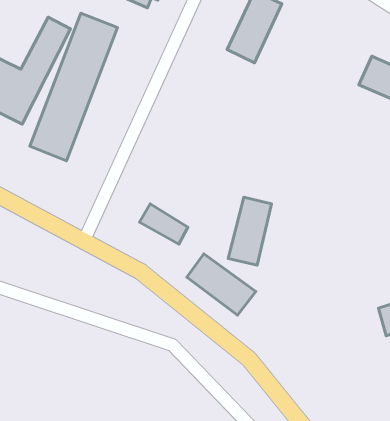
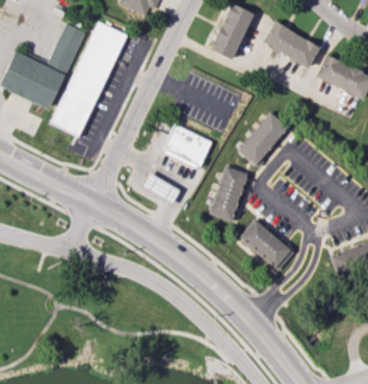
building: none -> [262,20,320,67]
building: none -> [240,110,287,165]
building: none -> [161,124,211,167]
building: [187,254,256,315] -> [239,220,294,269]

